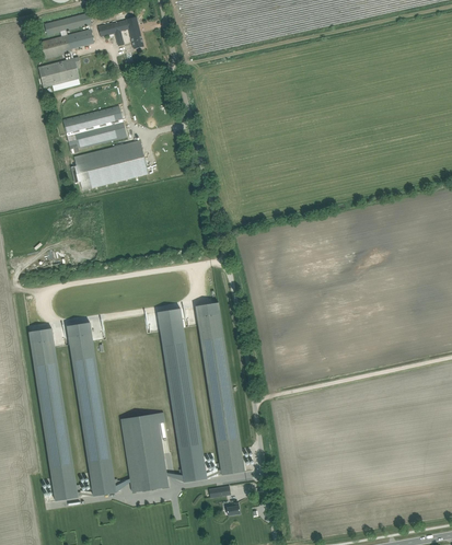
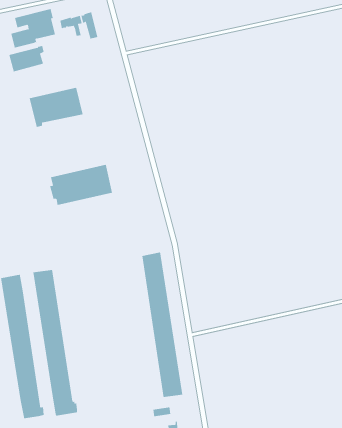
building: [71,140,147,189] -> [49,164,113,206]
building: [158,315,206,477] -> none
building: [121,413,169,492] -> none

